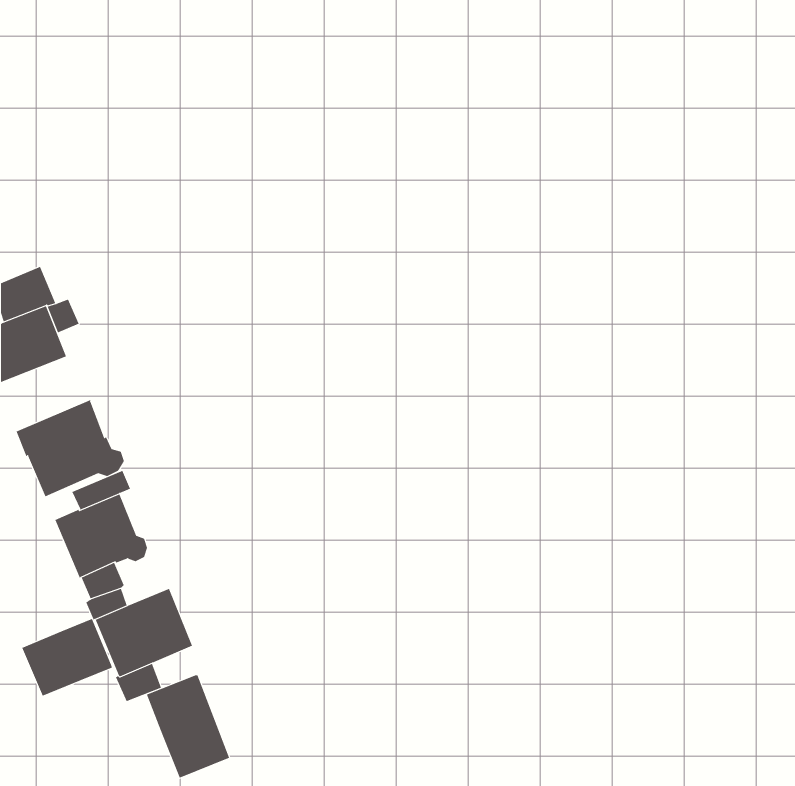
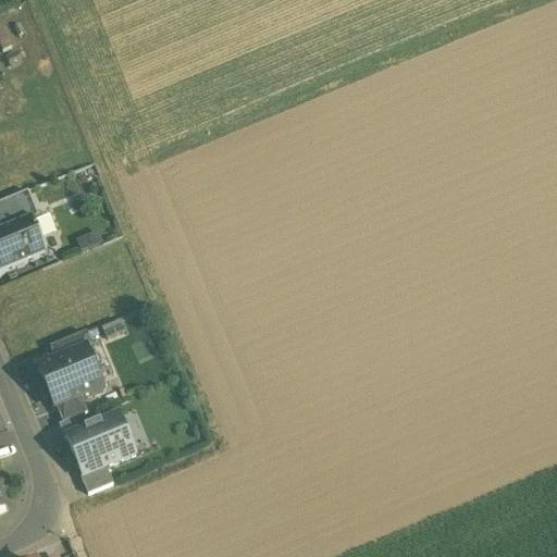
building: [16,399,125,497] -> none
building: [22,618,112,696] -> none
building: [146,675,230,779] -> none

